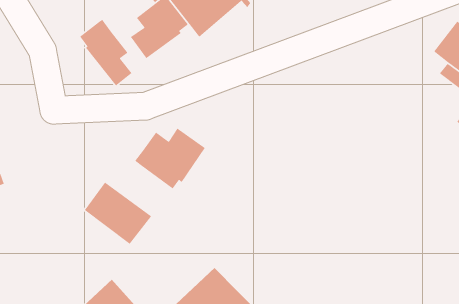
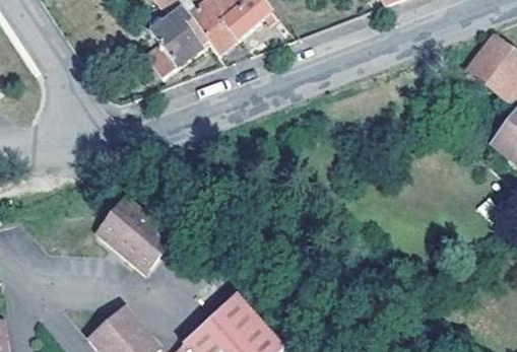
building: [79,19,133,87] -> none
building: [134,128,206,189] -> none

